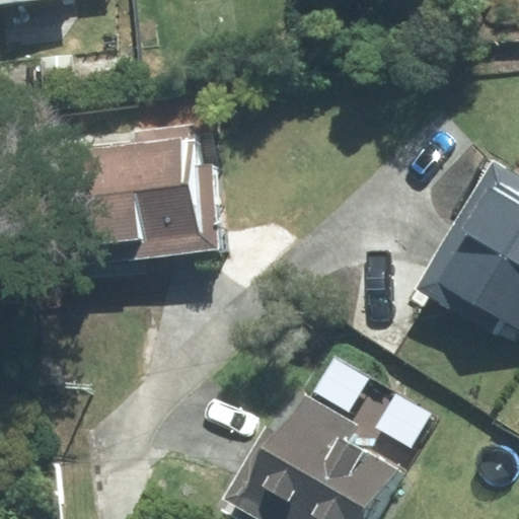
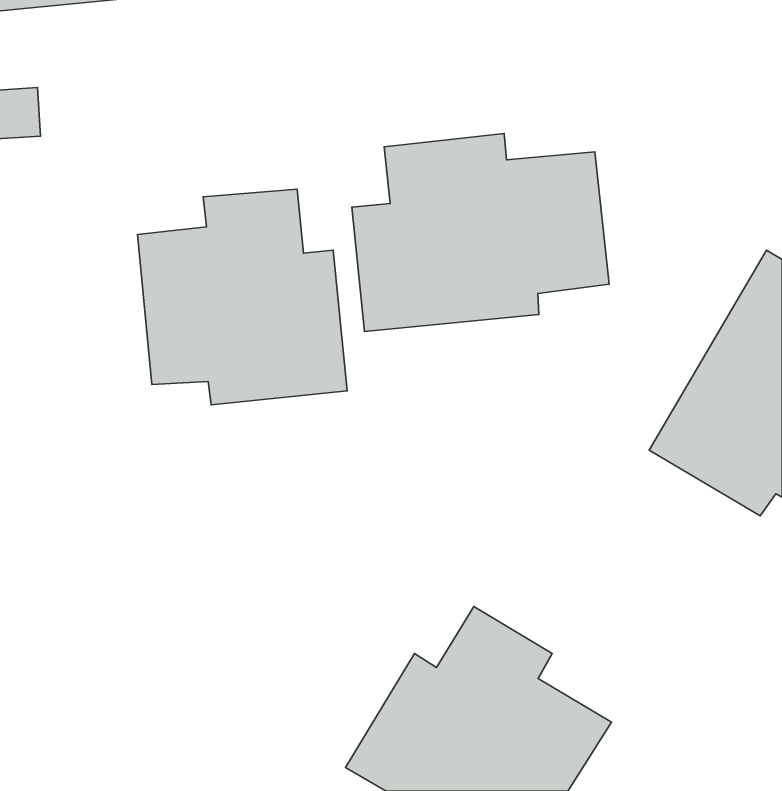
building: none -> [352,133,609,332]

